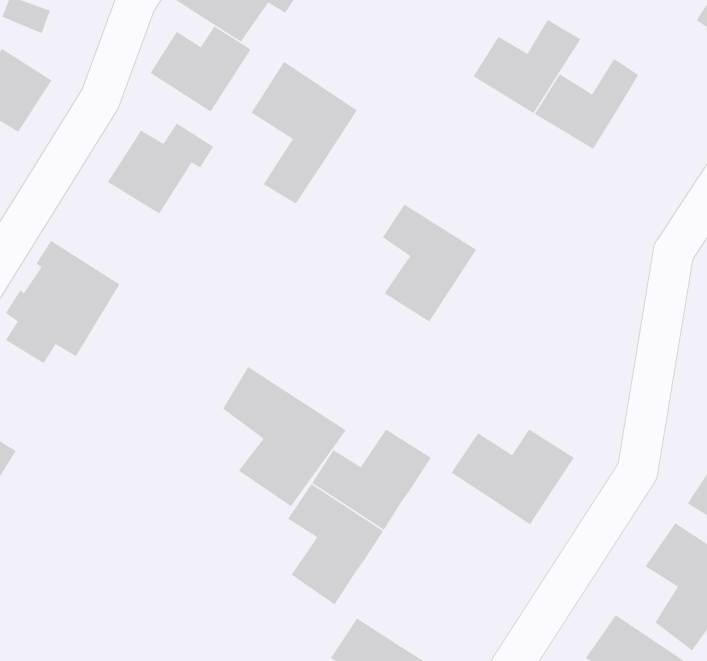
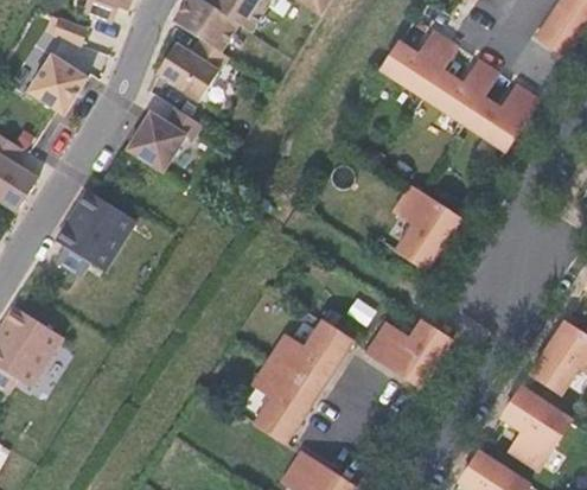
building: [250,61,358,205] -> none
building: none -> [465,84,538,149]
building: [382,204,477,323] -> [394,185,460,268]
building: [222,366,347,507] -> none

